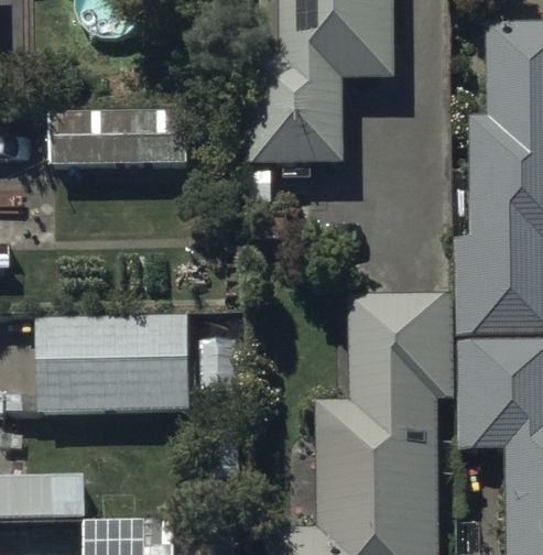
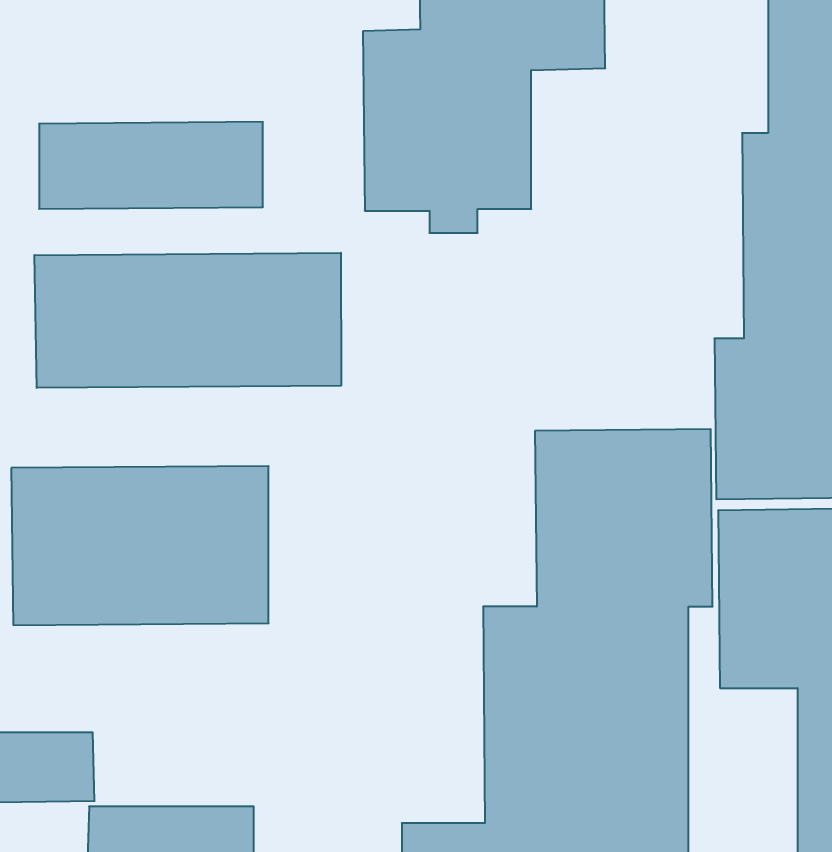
building: none -> [34,253,341,388]

